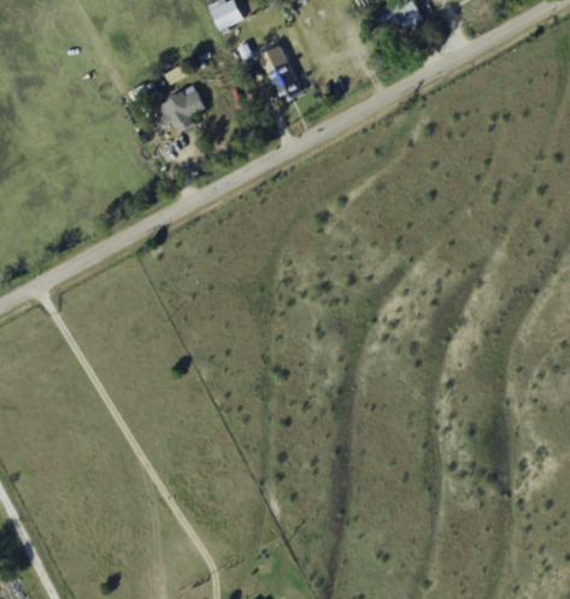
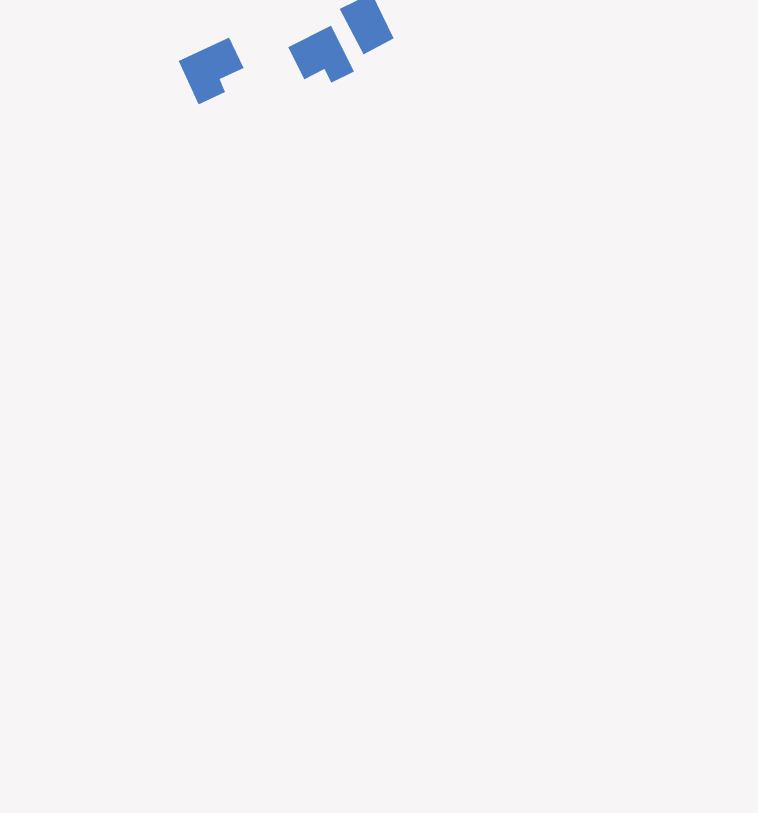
building: none -> [287,25,355,83]

